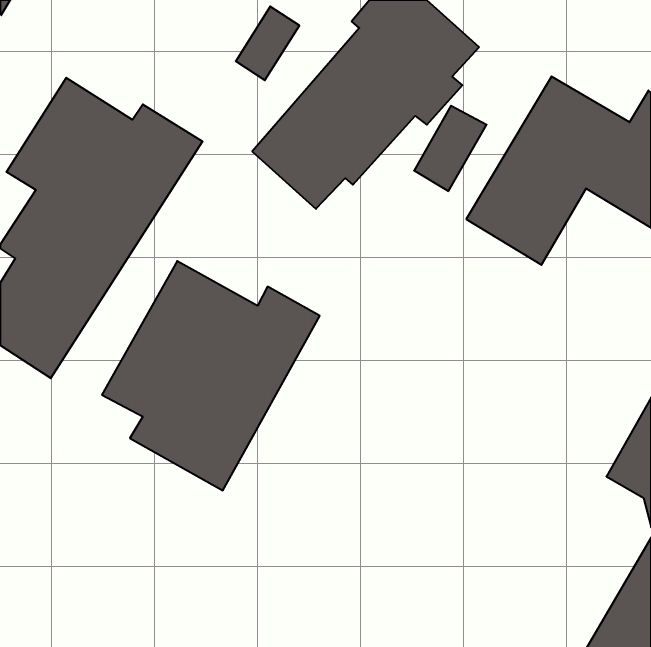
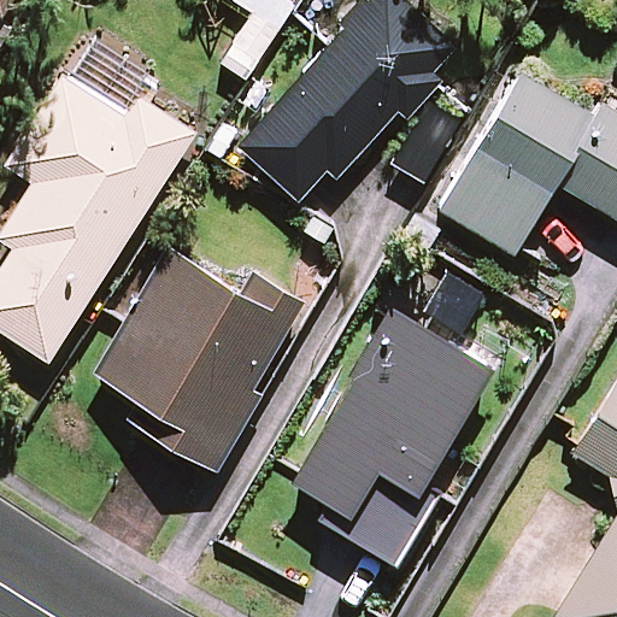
building: none -> [293,308,493,563]

